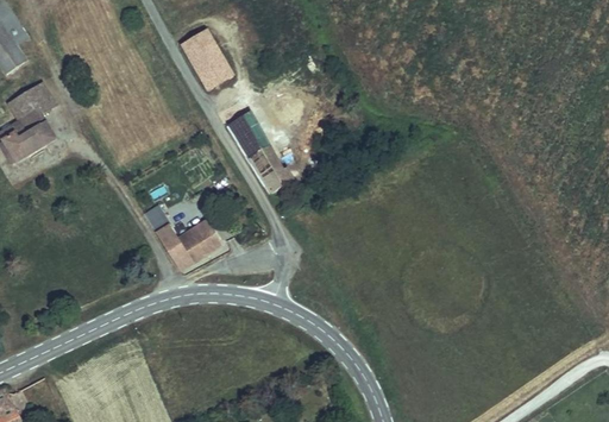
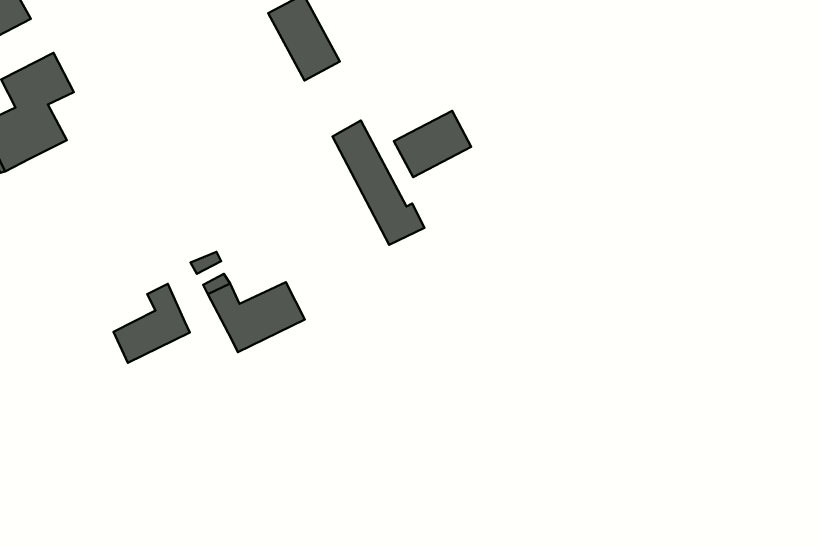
building: none -> [394,111,471,177]
building: none -> [113,284,190,363]

